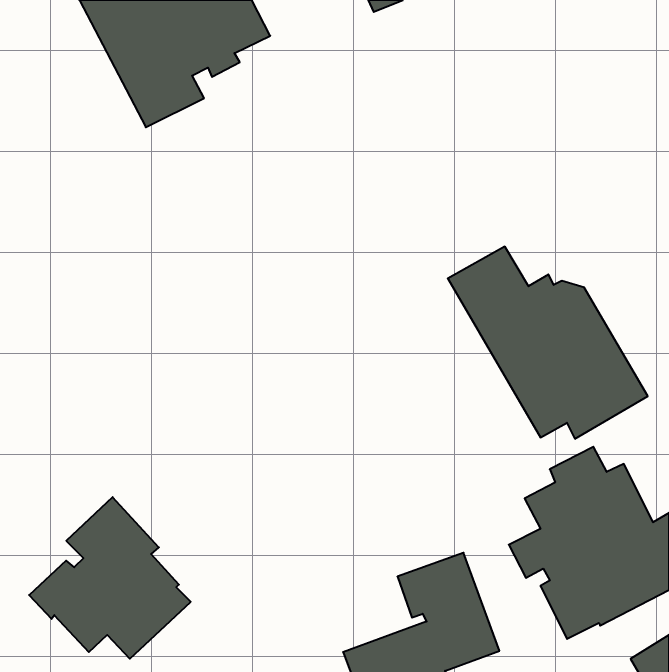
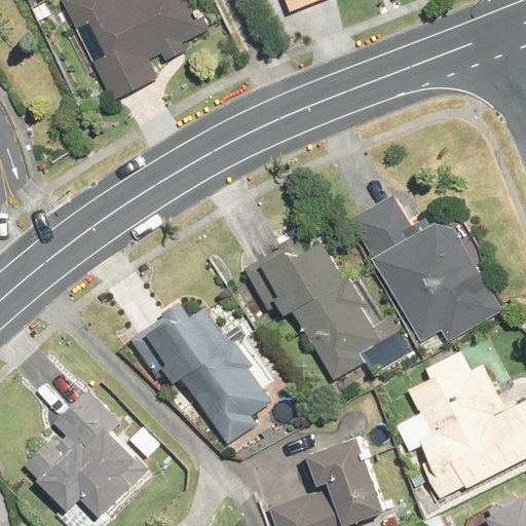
building: none -> [243,235,380,380]
building: none -> [130,302,270,445]

